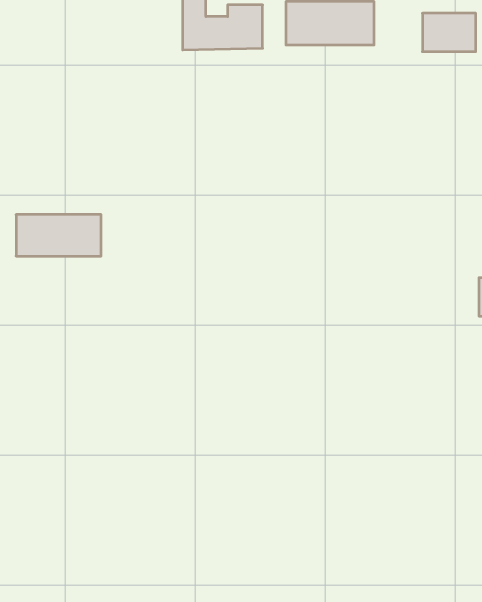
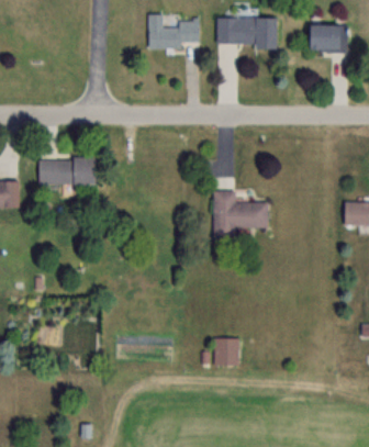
building: none -> [213,191,267,238]
building: none -> [214,337,239,365]

